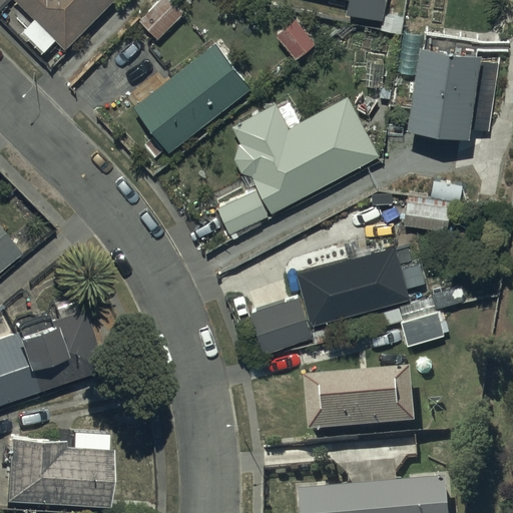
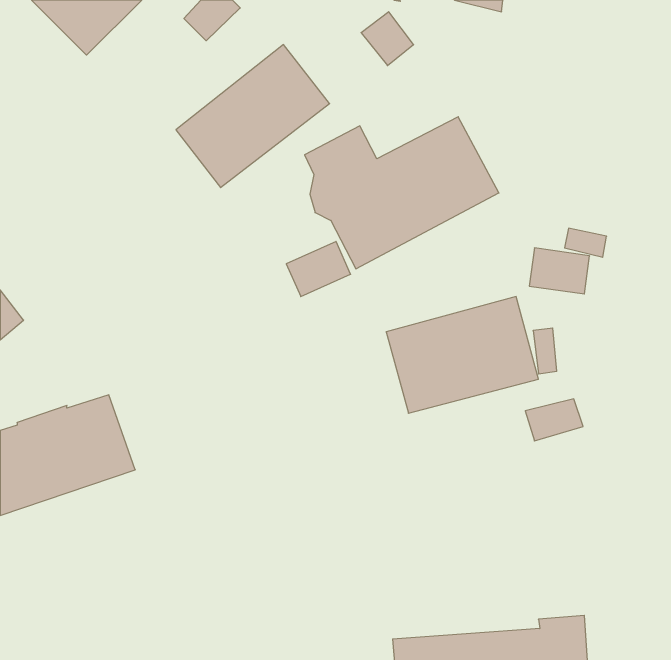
building: [409,39,503,135] -> none
building: [250,297,312,353] -> none
building: [306,375,416,438] -> none
building: [5,433,110,506] -> none

